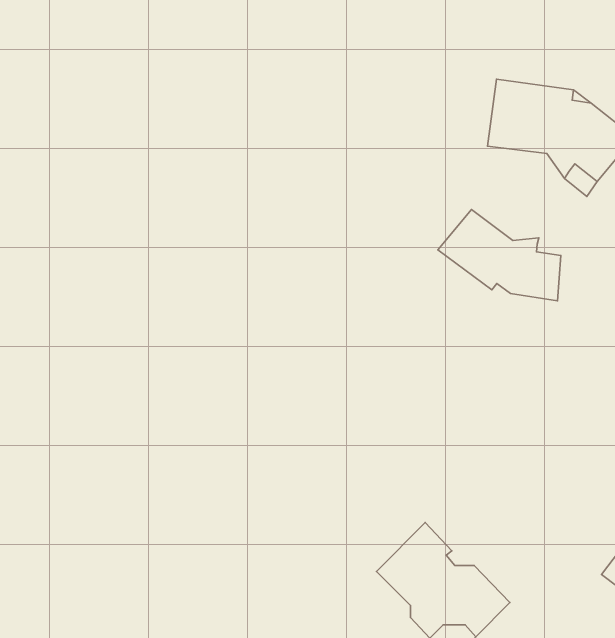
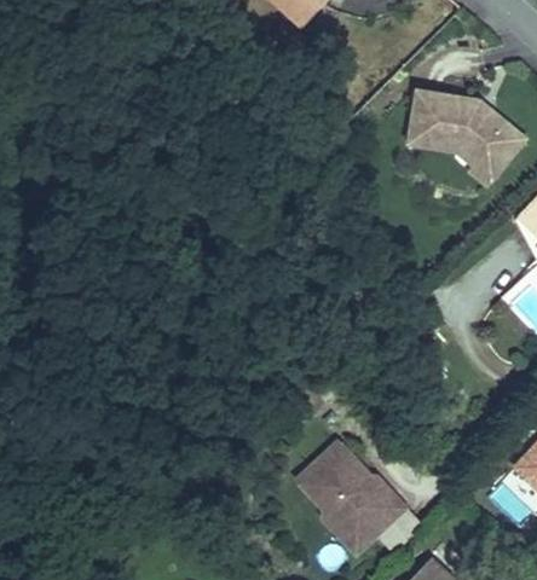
building: [438,209,561,301] -> none

